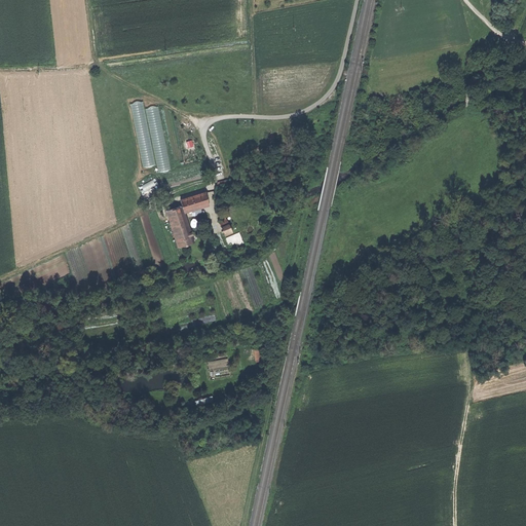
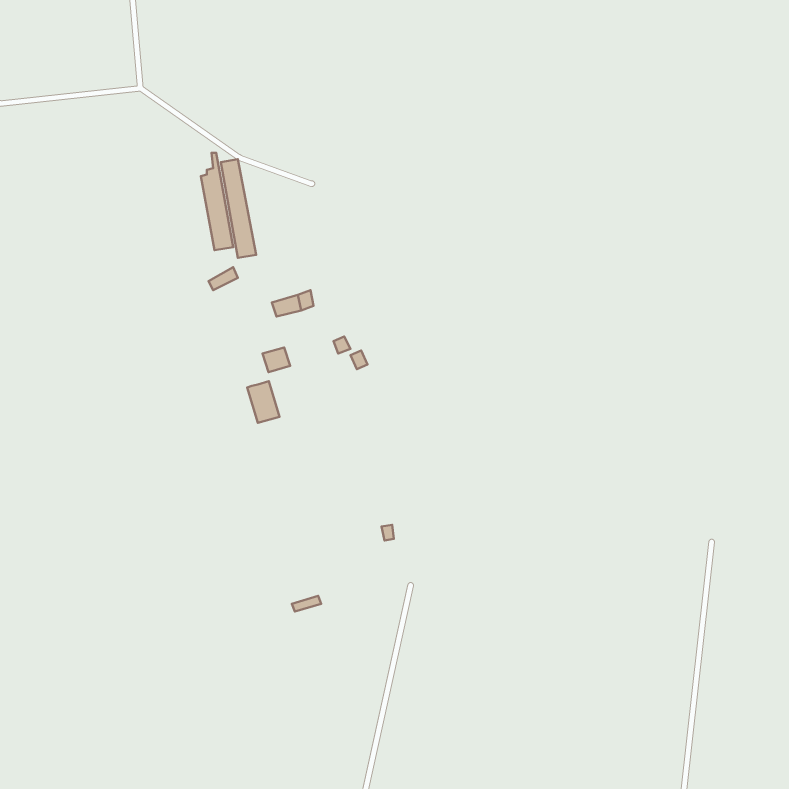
building: [167,208,189,235] -> [247,381,280,423]

